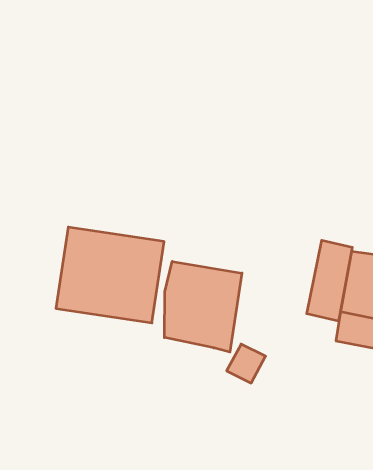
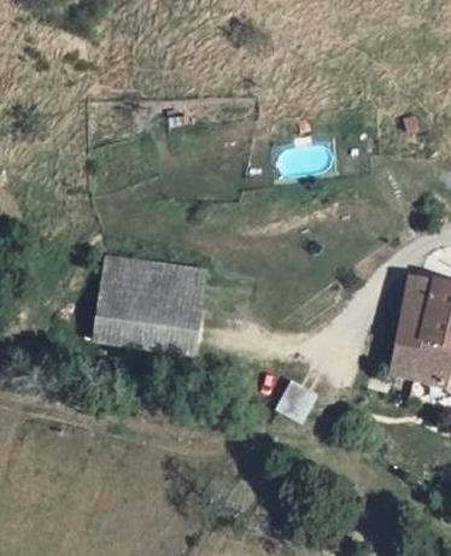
building: [307,240,352,321] -> none
building: [164,261,242,352] -> none

